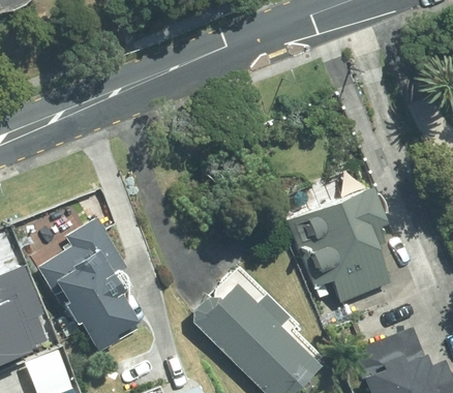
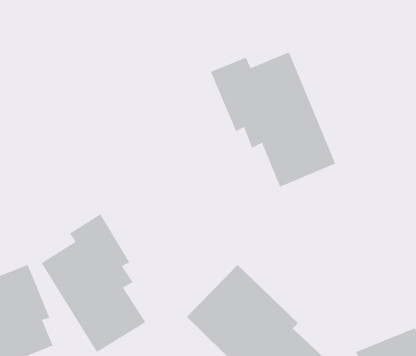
building: none -> [210,51,336,187]
building: [286,188,389,306] -> none

